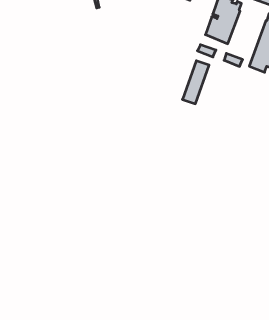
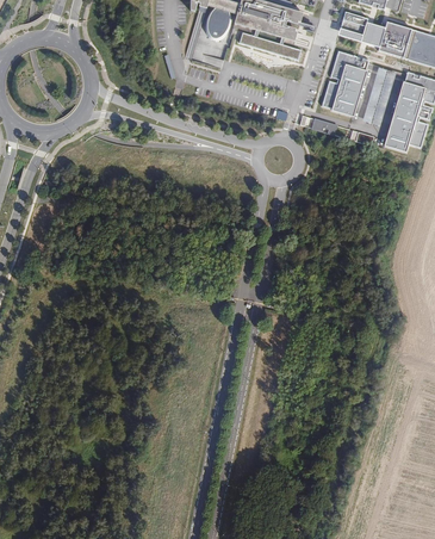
building: [182,61,209,104] -> [362,67,396,125]

